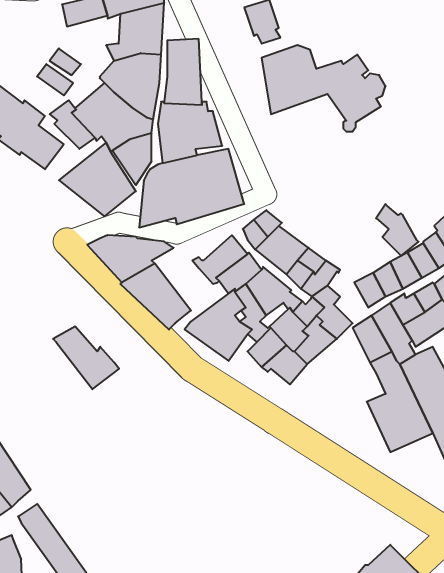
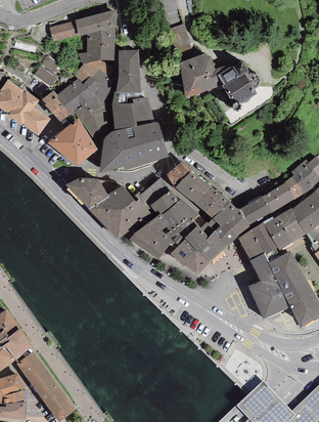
building: [376,204,419,256] -> [222,202,249,236]
building: [53,326,119,389] -> [107,186,150,227]

